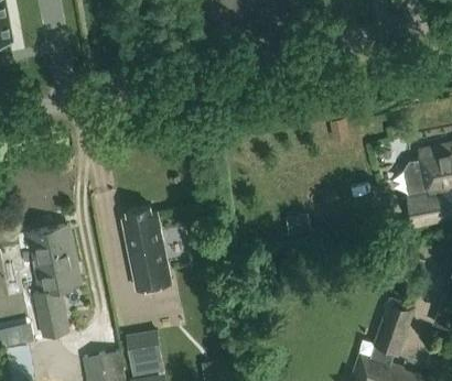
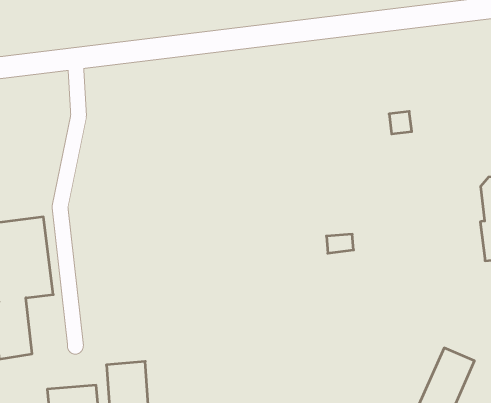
building: [121,207,171,291] -> none

